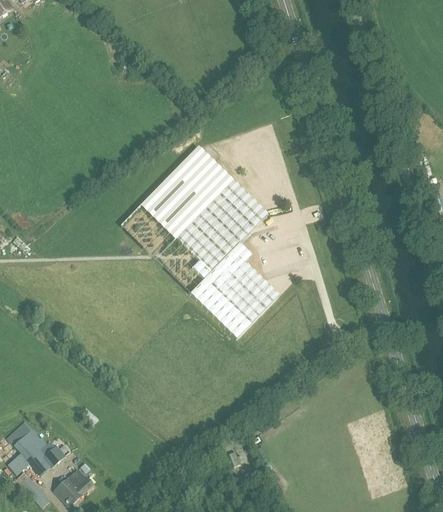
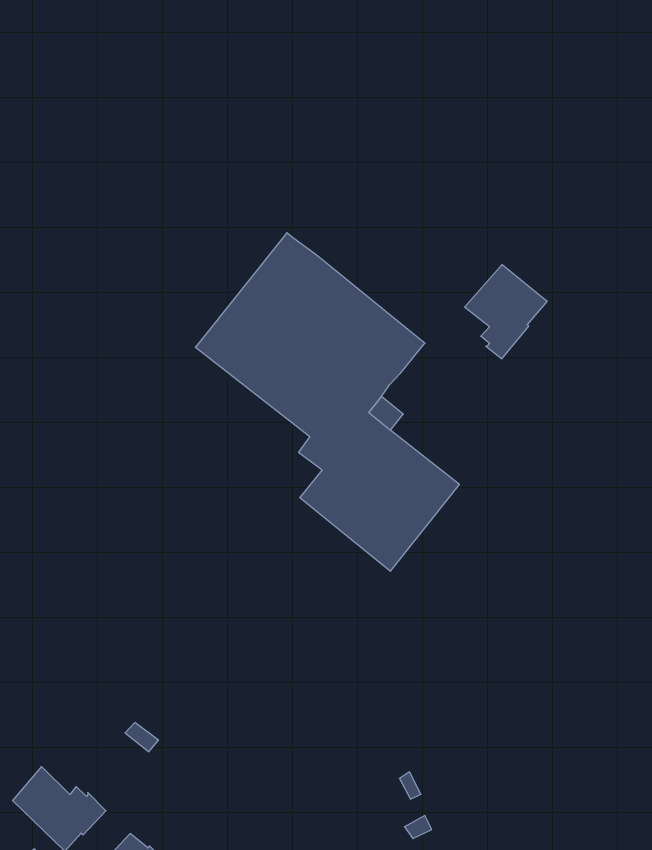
building: none -> [465,264,547,359]

